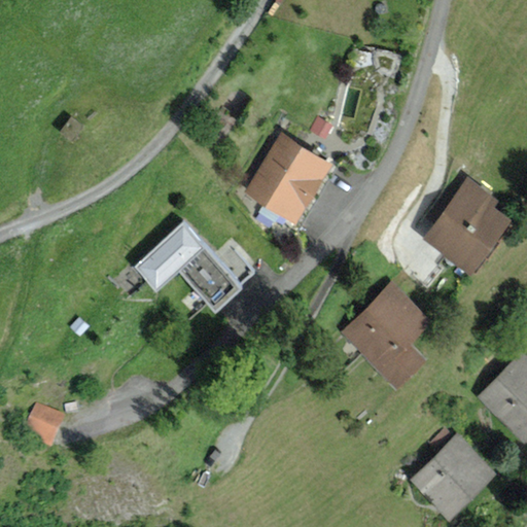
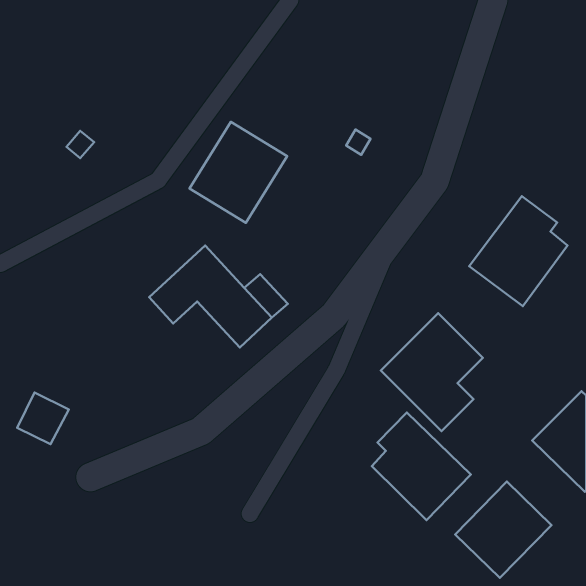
building: [245,133,332,223] -> [190,122,287,223]
building: none -> [372,413,471,520]
building: [21,403,67,450] -> [17,392,69,444]

